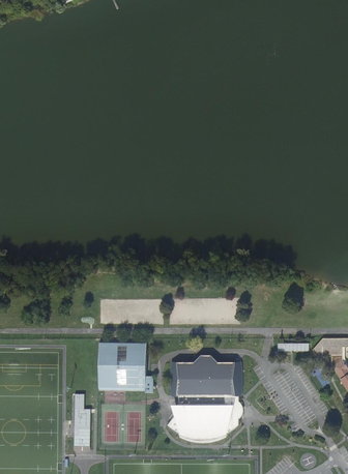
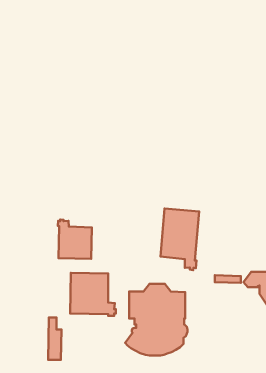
building: none -> [160,209,199,270]
building: none -> [58,220,92,259]

